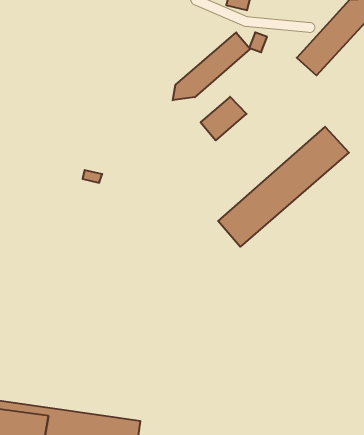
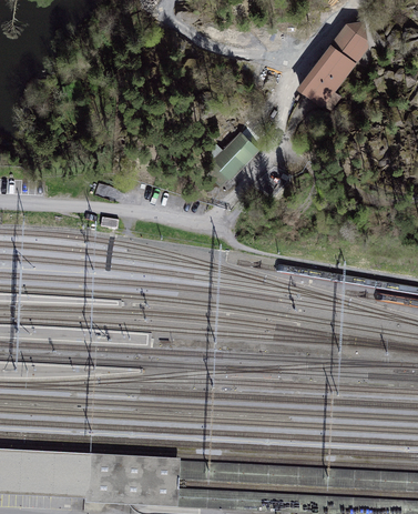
building: [173,32,250,100] -> none
building: [218,127,349,247] -> none

